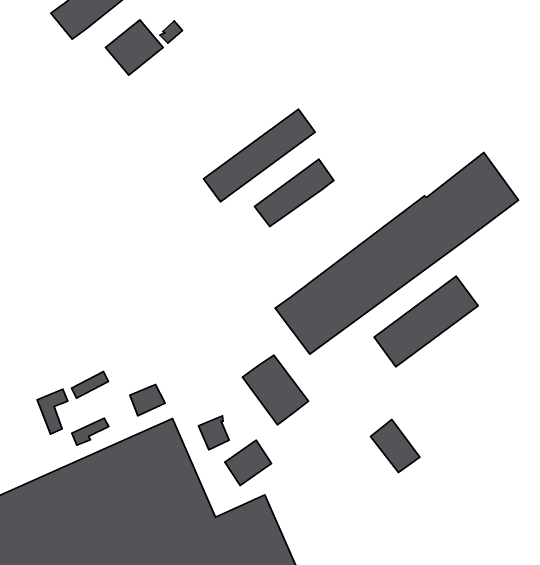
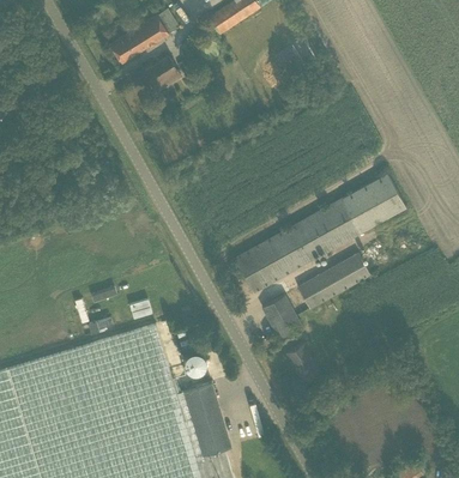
building: [204,109,315,202] -> none
building: [254,159,334,227] -> none
building: [243,355,309,425] -> [260,296,302,343]

